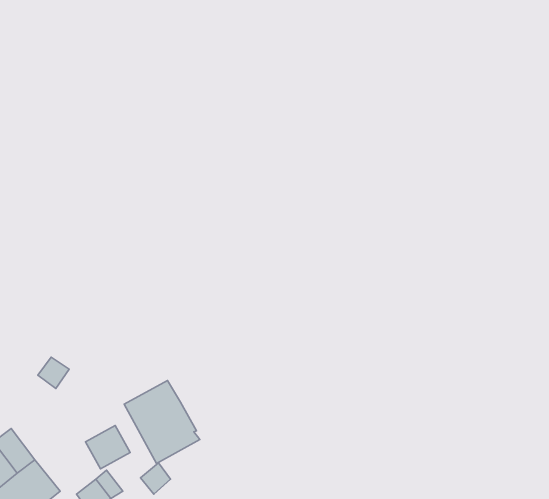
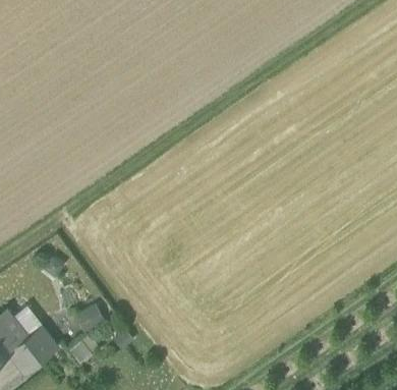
building: [124,381,200,463] -> none

